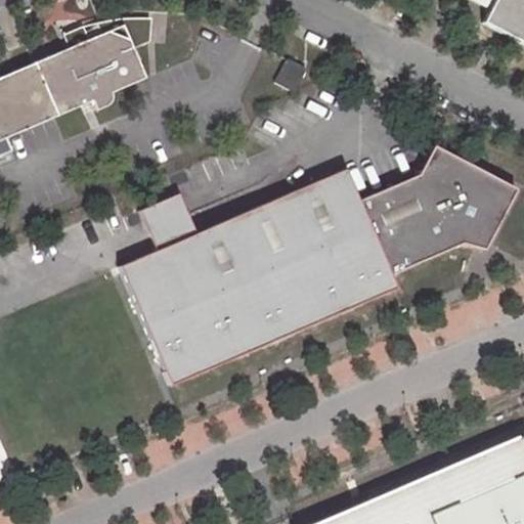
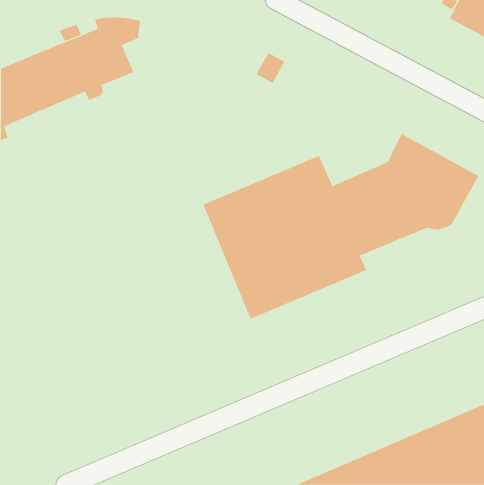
building: [117,190,271,388] -> none

